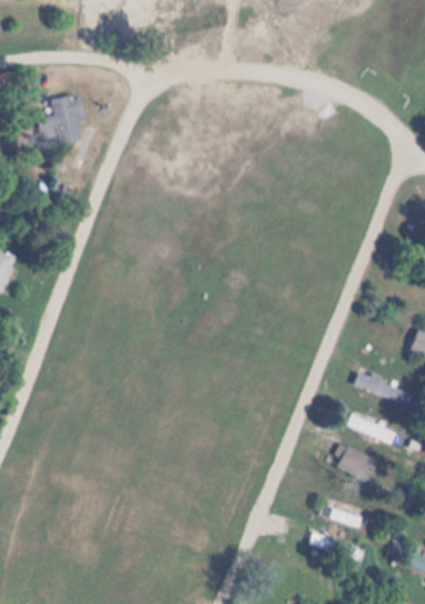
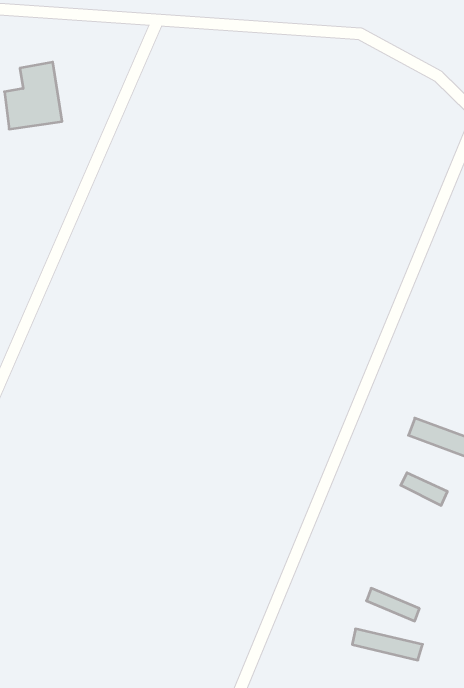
building: [338,445,377,482] -> none

